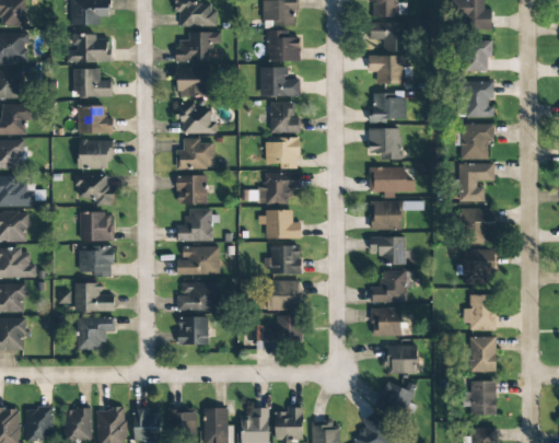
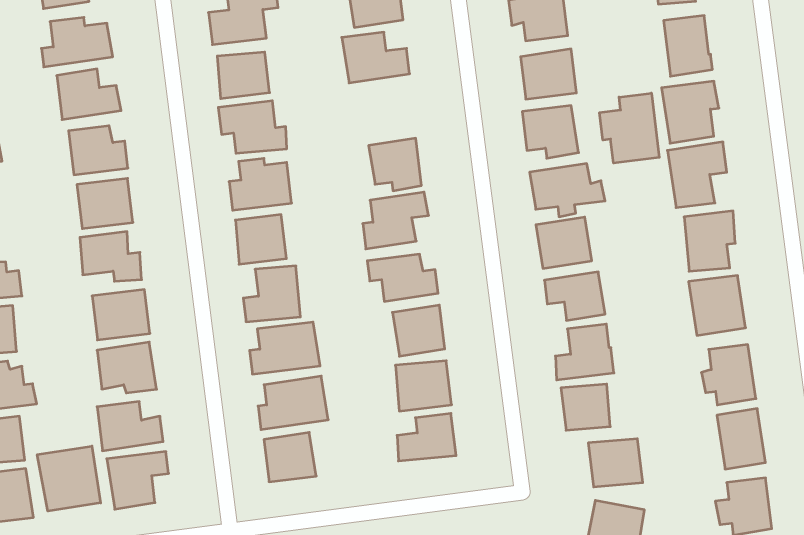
building: [269,101,301,133] -> none
building: none -> [600,93,659,163]
building: none -> [37,446,101,511]

